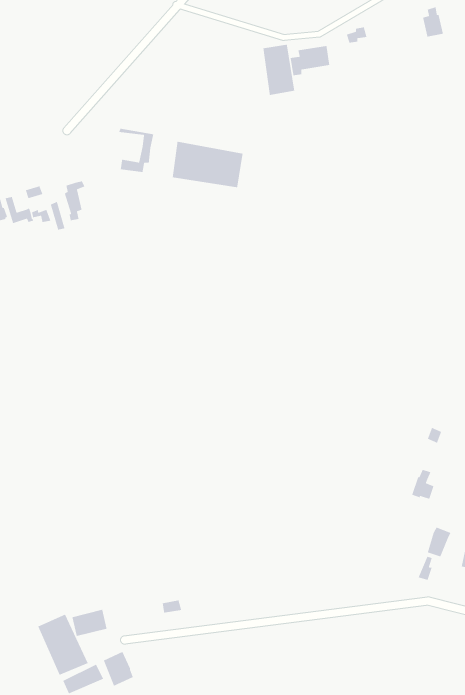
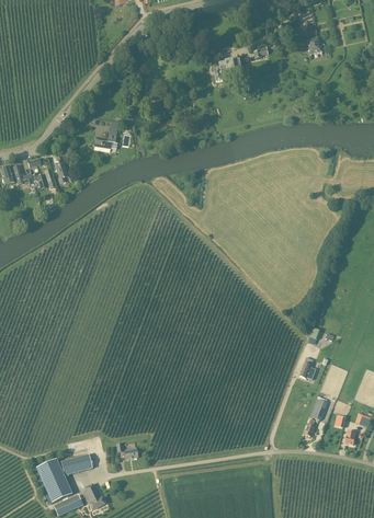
building: [262,44,295,96] -> none
building: [172,141,244,188] -> none

